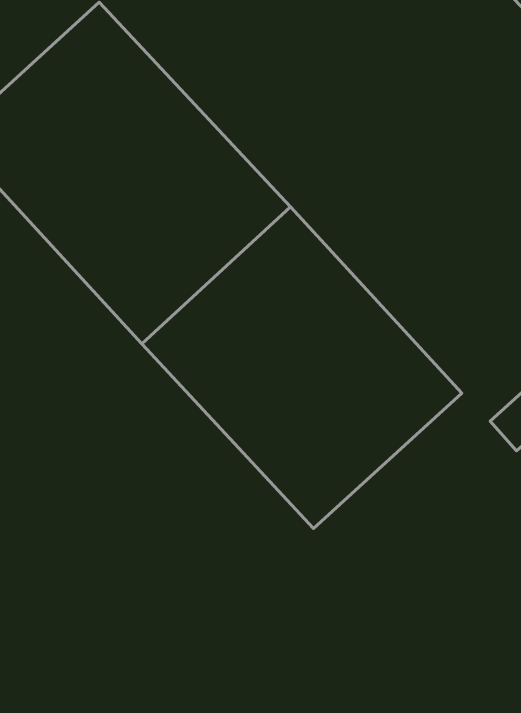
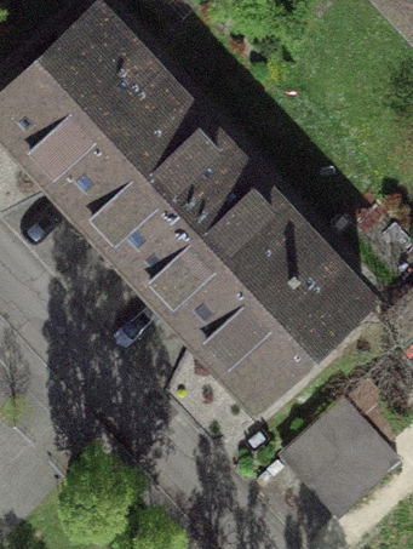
building: none -> [286,401,398,514]

